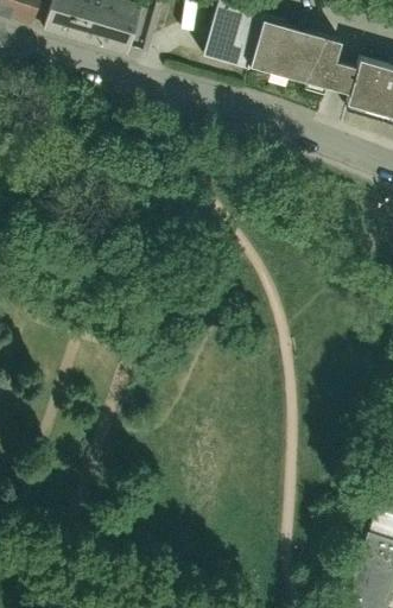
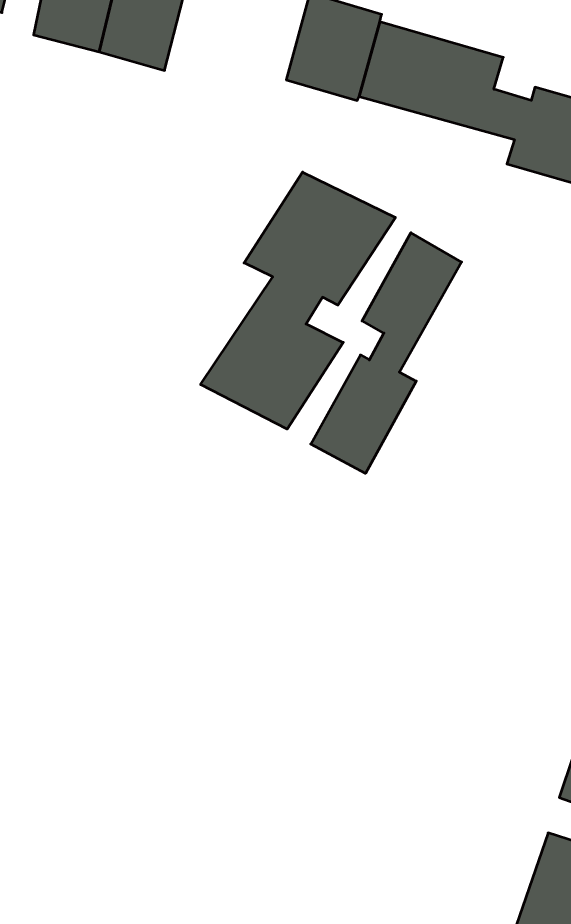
building: none -> [201,172,395,429]
building: none -> [311,233,462,473]

